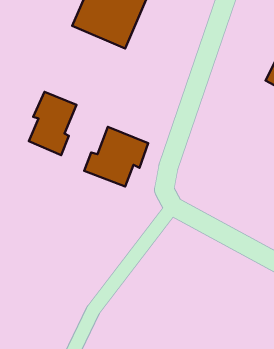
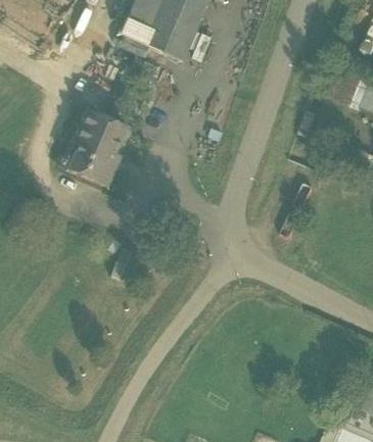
building: [84,127,148,187] -> none

